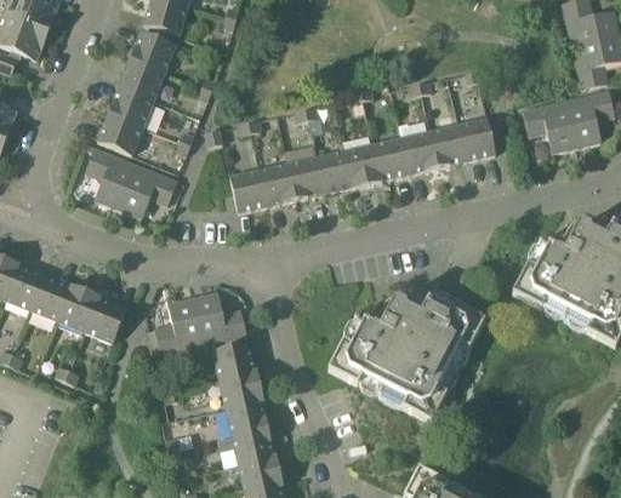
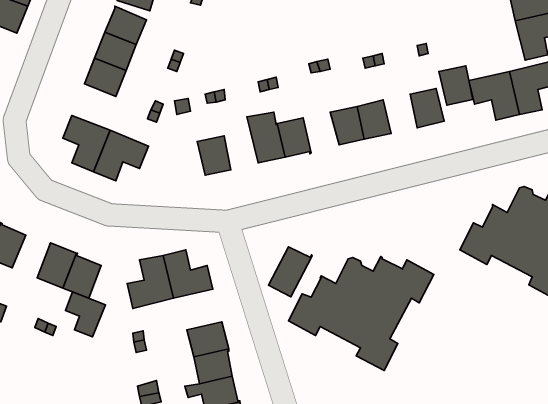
building: [97,114,142,155] -> none
building: [429,125,466,167] -> [439,66,473,105]
building: [343,144,382,188] -> none
building: [258,164,295,206] -> none
building: [30,276,72,322] -> none
building: none -> [268,247,312,297]
building: none -> [66,292,106,337]
building: [212,342,256,378] -> none

